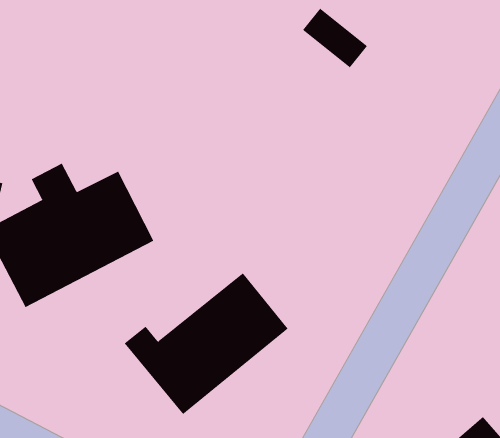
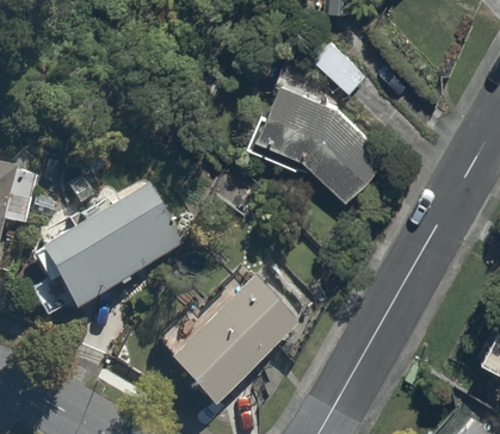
building: none -> [246,68,393,207]

